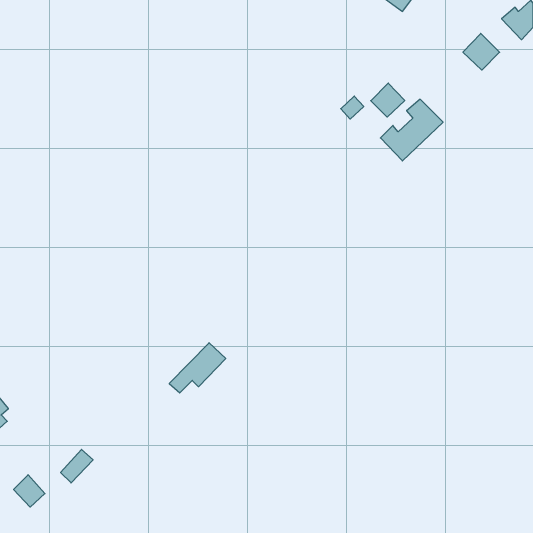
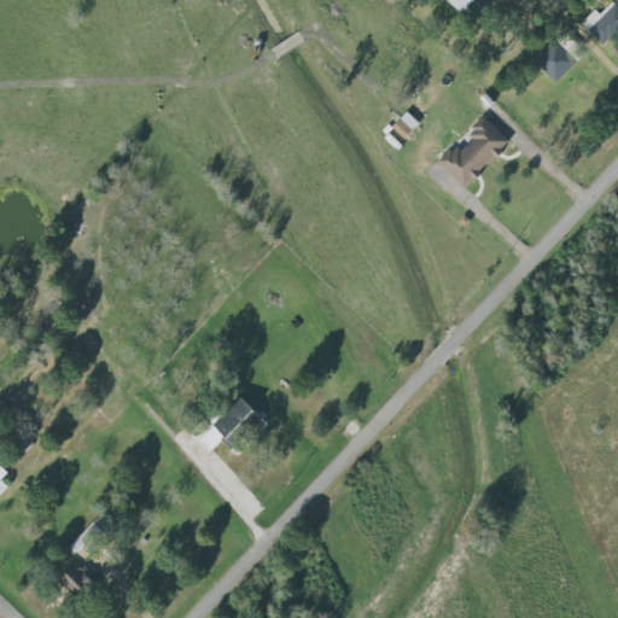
building: [371,83,405,117] -> none
building: [14,475,45,507] -> [59,561,95,599]

